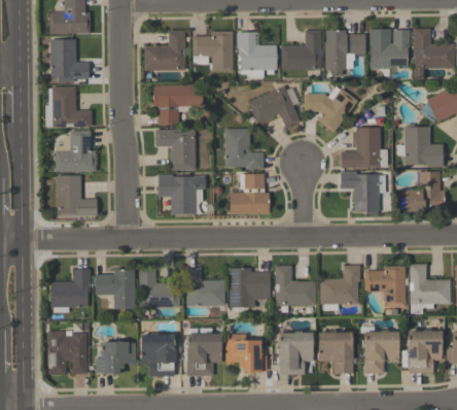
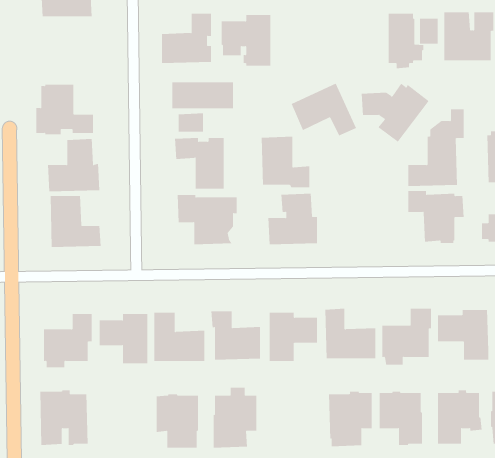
building: [281,30,321,69] -> none
building: [237,32,277,76] -> none
building: [50,39,90,82] -> none
building: [225,334,267,373] -> none
building: [96,341,136,375] -> none

